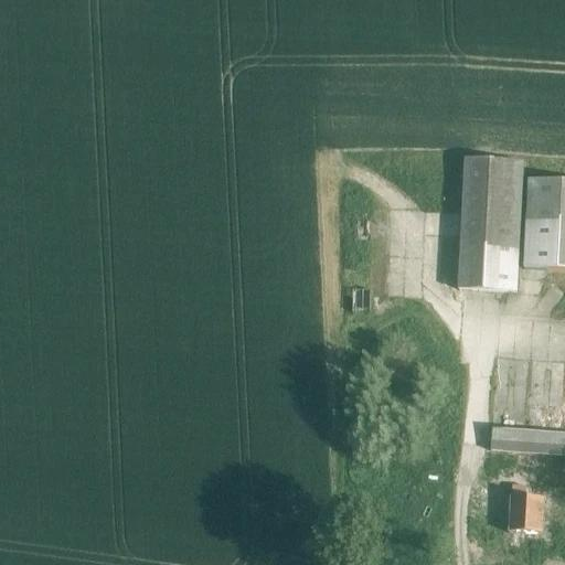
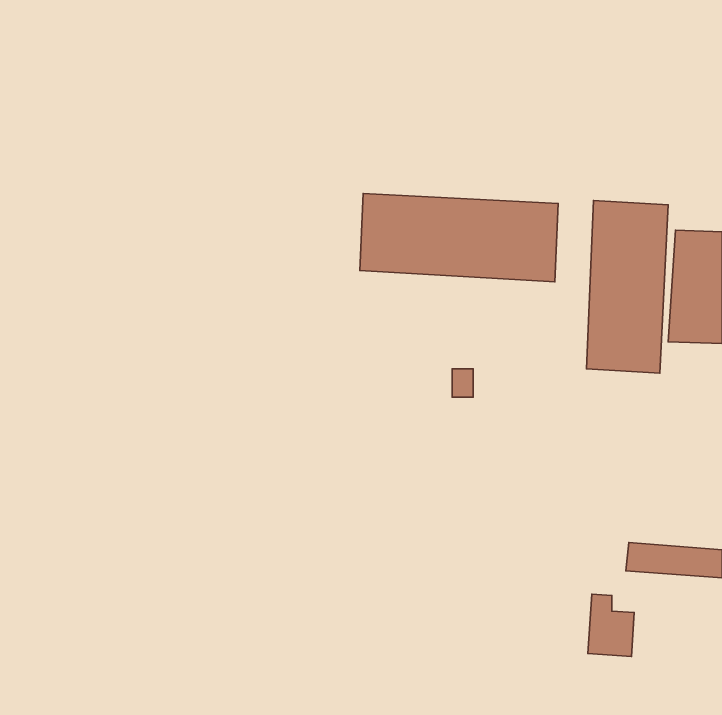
building: none -> [360,194,558,282]
building: [508,483,544,532] -> [588,594,634,656]

